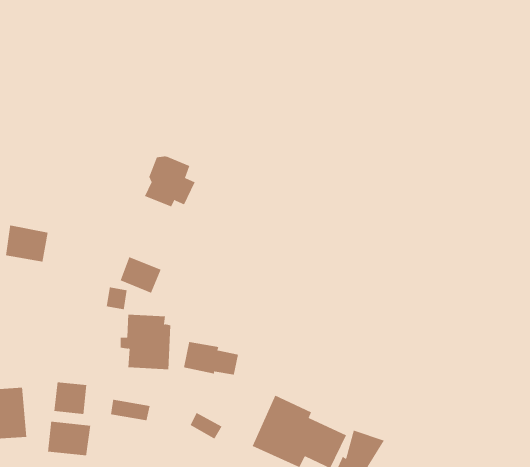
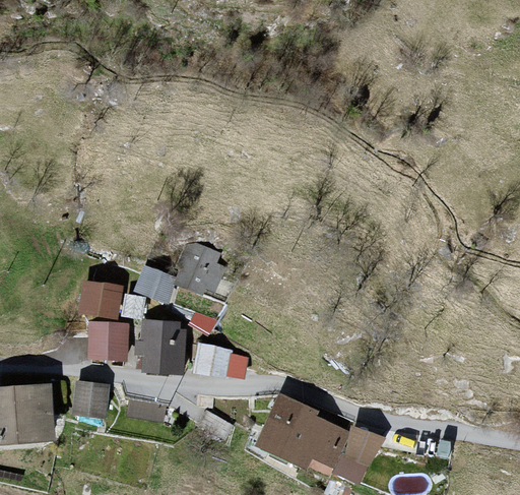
building: [144,156,196,207] -> [176,244,223,292]
building: [5,225,49,262] -> [80,282,121,316]
building: none -> [89,323,126,357]
building: [48,421,91,456] -> none

